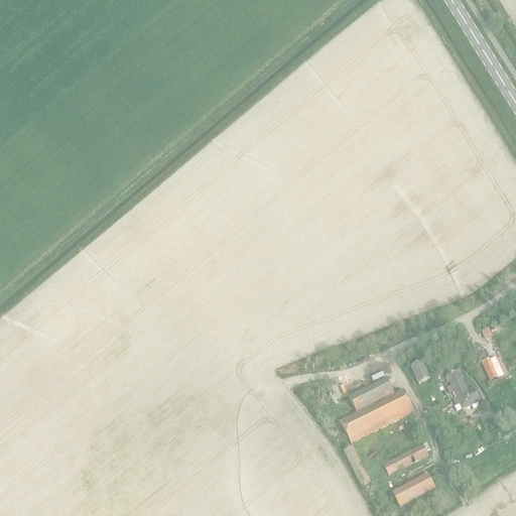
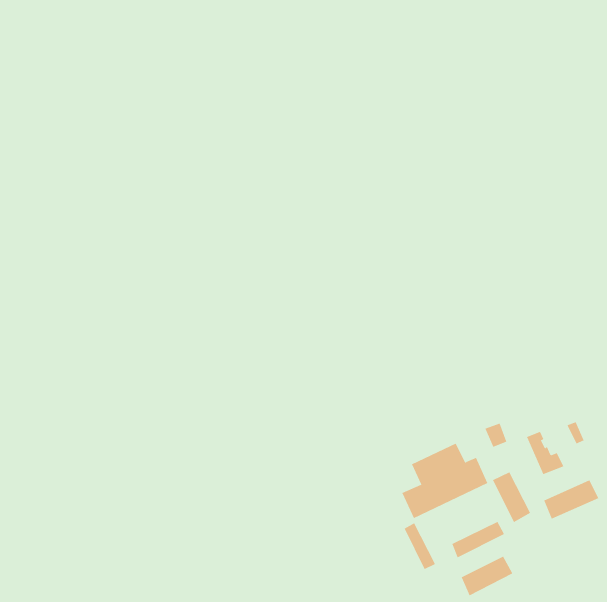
building: none -> [492,471,531,523]
building: none -> [543,480,599,519]

